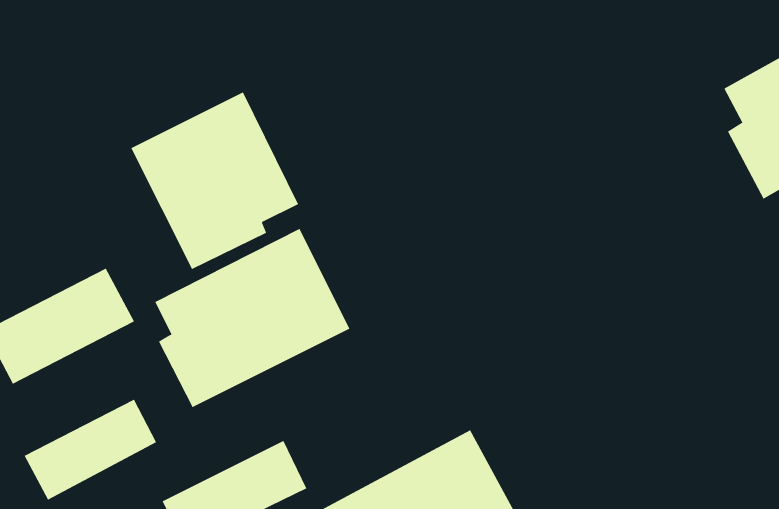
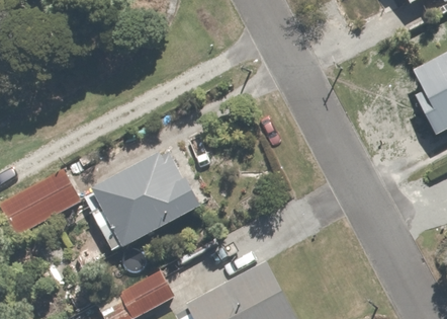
building: [131,92,299,270] -> none
building: [24,399,157,500] -> none

